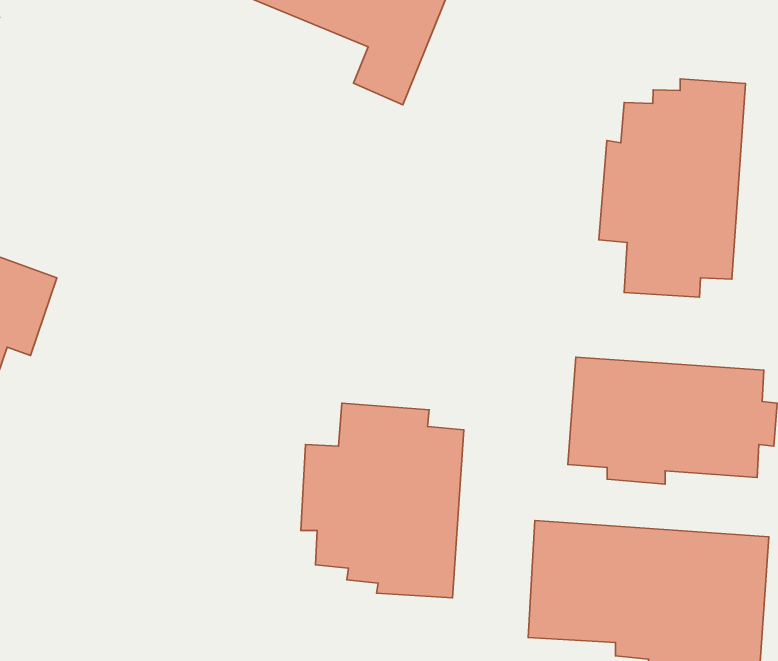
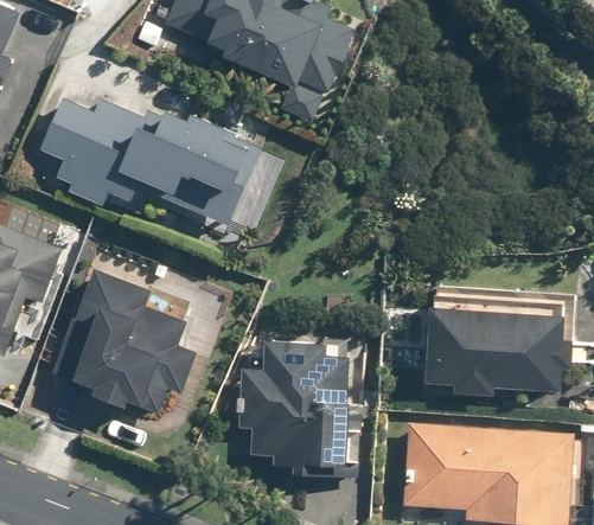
building: none -> [39,98,261,224]
building: [599,79,746,297] -> none
building: none -> [50,267,198,416]

